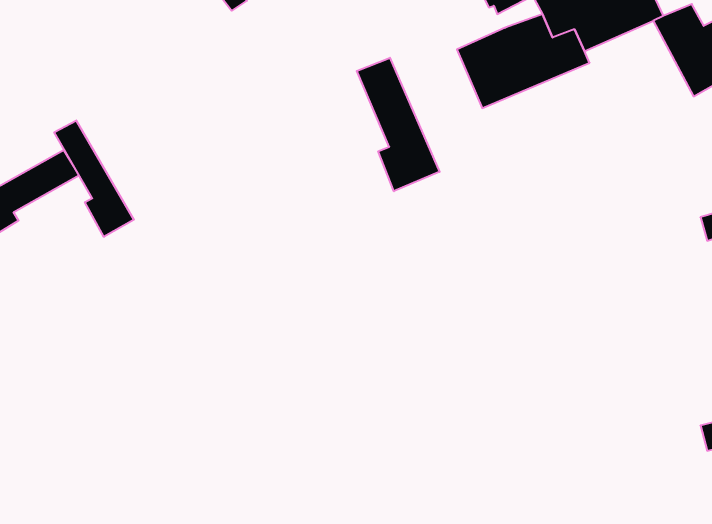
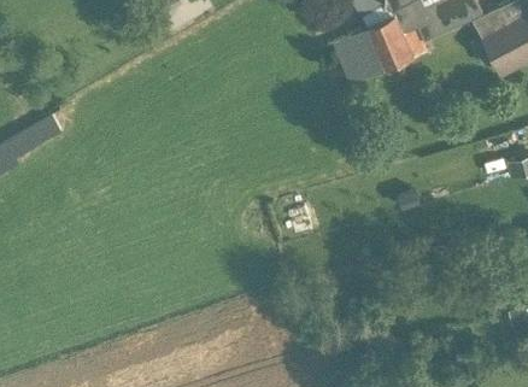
building: [357,58,440,191] -> none
building: [54,120,134,237] -> none

